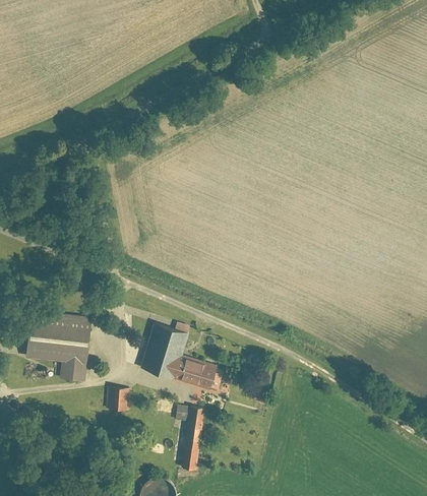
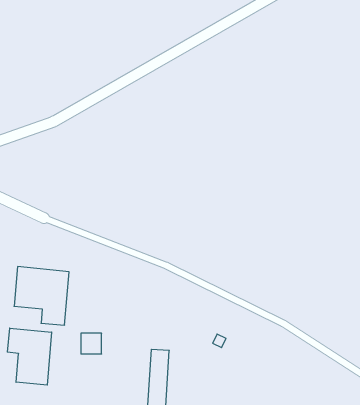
building: [139,322,222,391] -> none
building: none -> [7,328,52,385]

